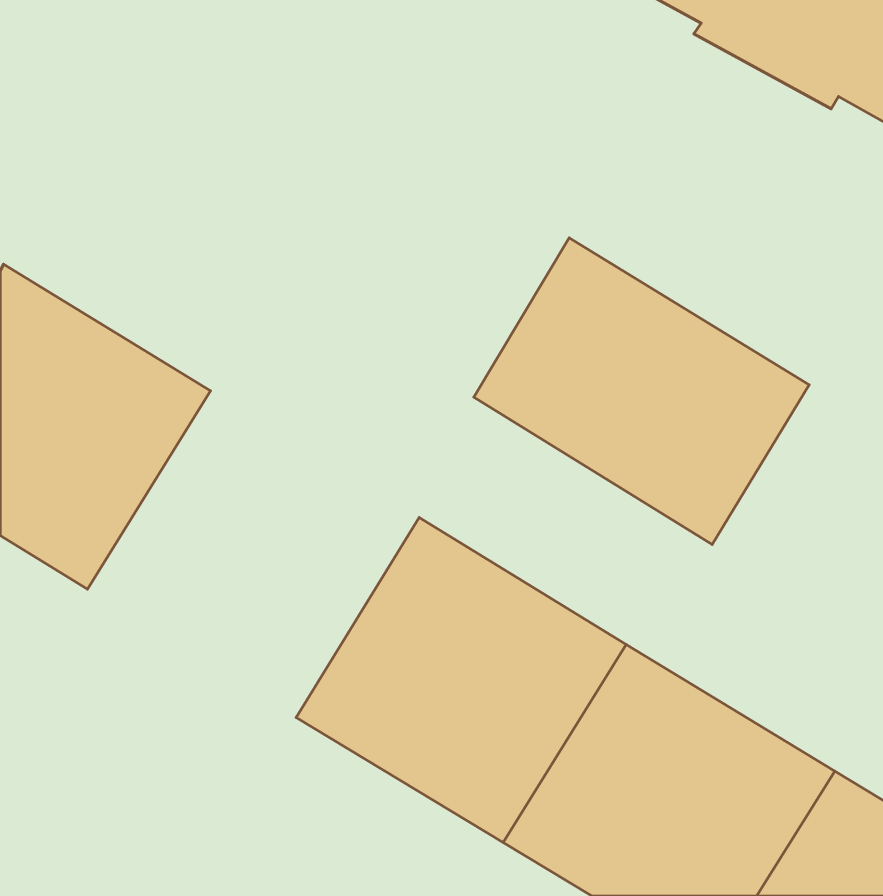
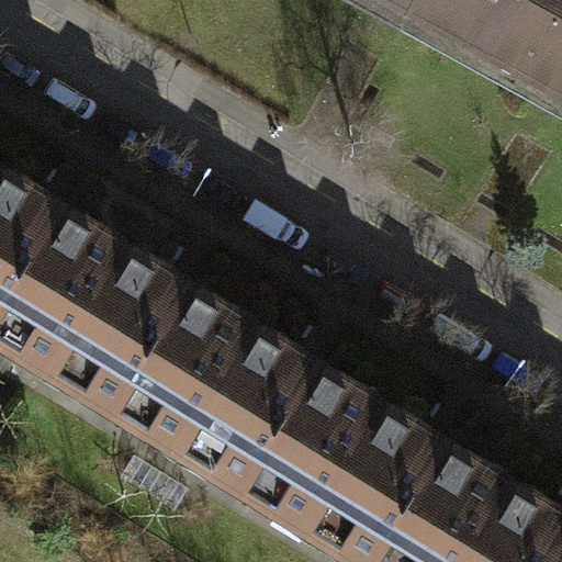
building: [474,238,809,544] -> none
building: none -> [71,240,276,441]

